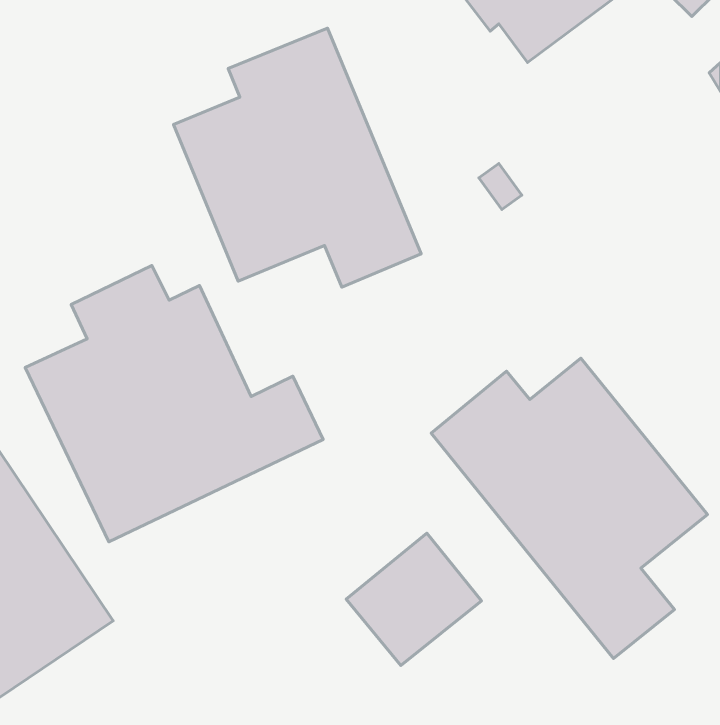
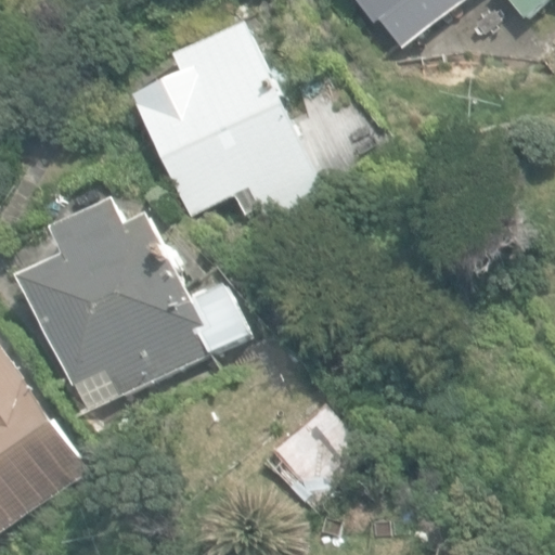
building: [431,358,707,659] -> none

